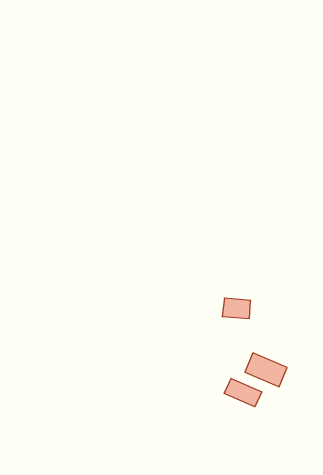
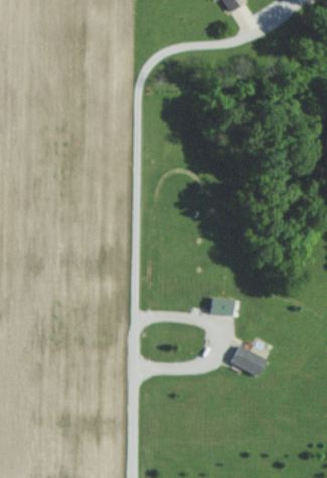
building: [224,378,262,407] -> none

